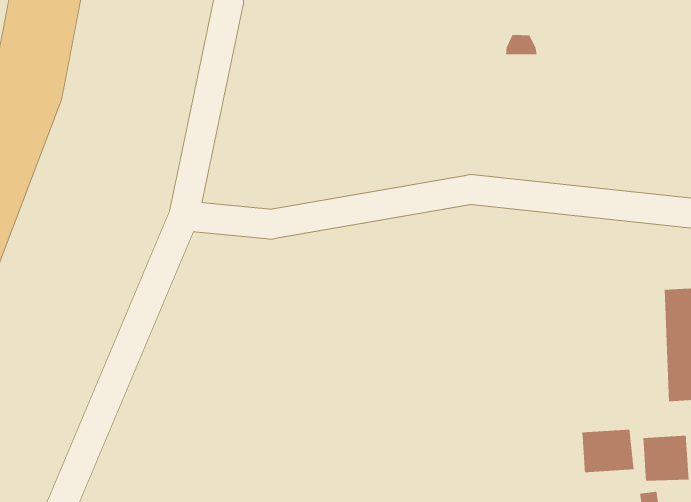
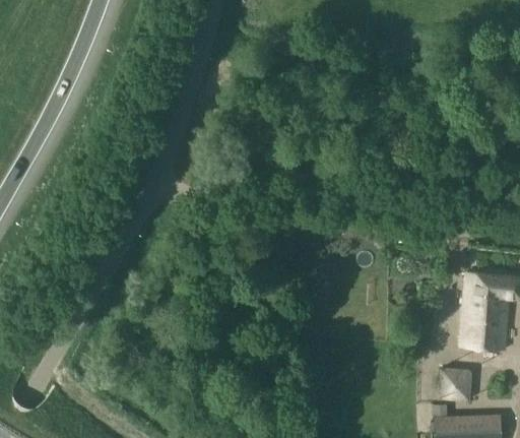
building: [581,429,635,473] -> none

